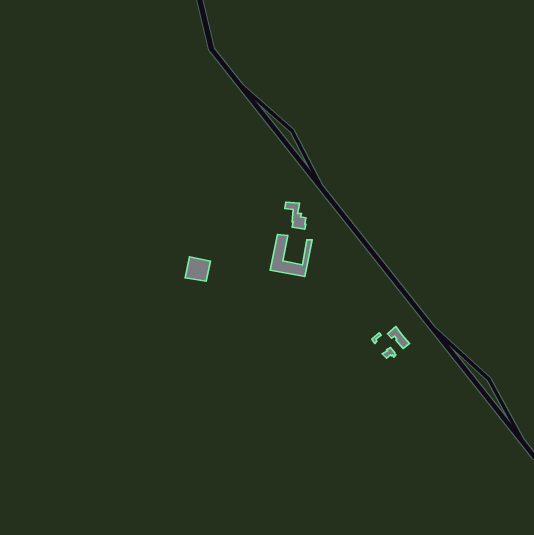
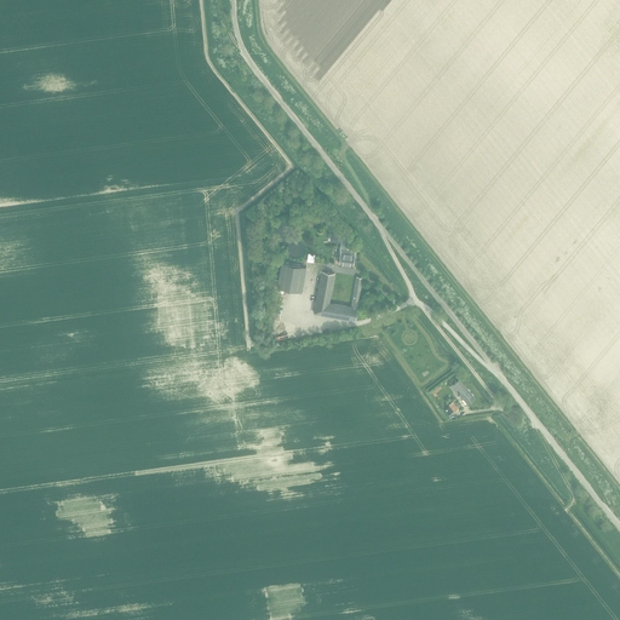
building: [185,257,210,281] -> [275,263,304,291]

